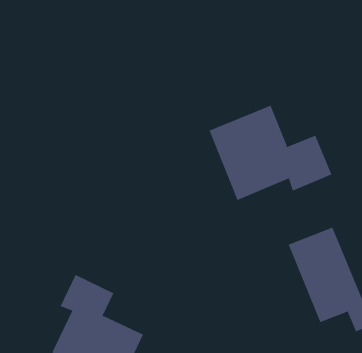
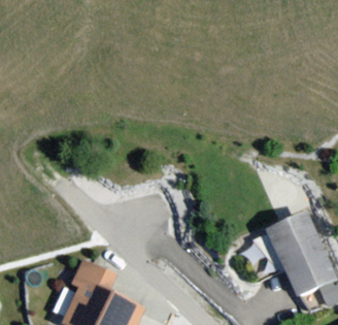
building: [209,105,332,201] -> none

